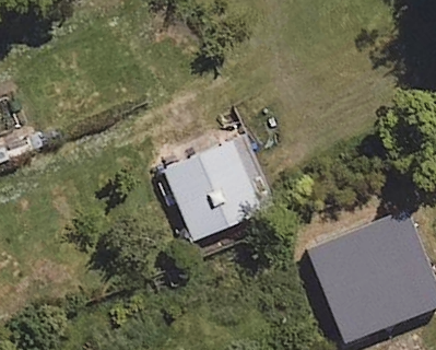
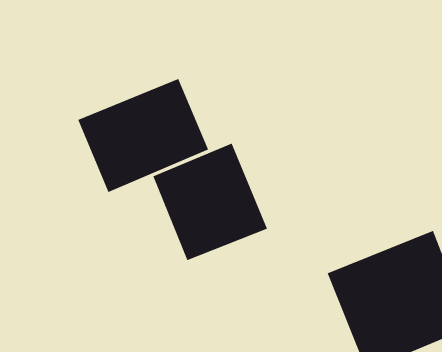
building: none -> [78,78,209,193]

